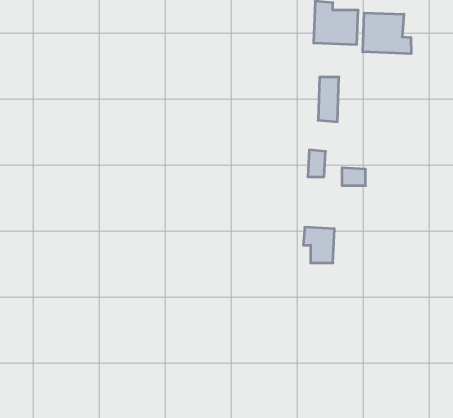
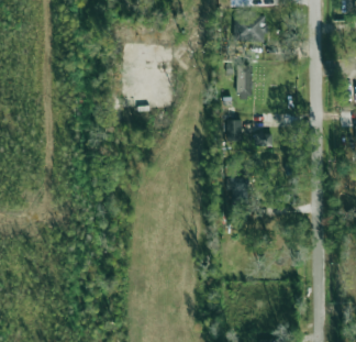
building: [363,13,411,54] -> none

